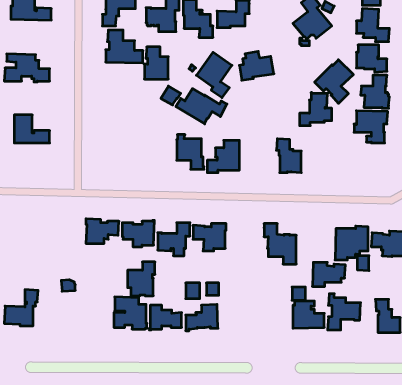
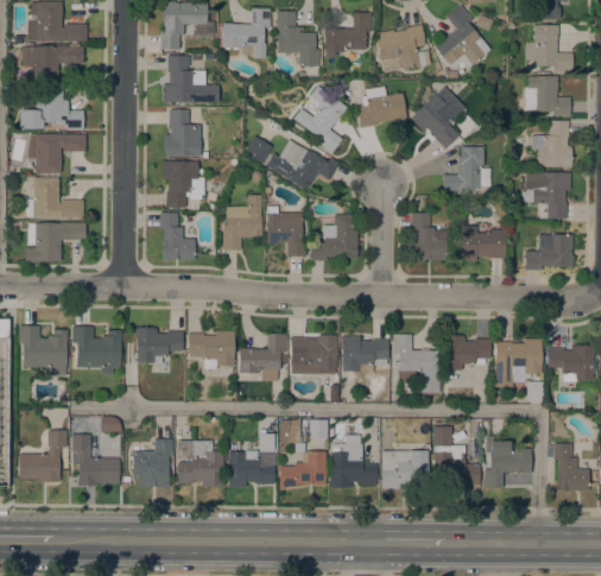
building: none -> [377,24,431,70]
building: none -> [24,44,84,84]
building: [144,47,168,79] -> [166,109,201,156]
building: [315,60,353,103] -> [411,86,467,148]
building: none -> [29,133,87,173]
building: none -> [164,160,205,207]
building: none -> [223,194,262,249]
building: none -> [160,211,195,259]
building: none -> [25,222,87,261]
building: none -> [460,226,506,260]
building: none -> [525,234,572,268]
building: none -> [19,325,68,375]
building: none -> [72,325,122,374]
building: none -> [342,335,390,374]
building: [128,262,155,296] -> [133,438,172,487]
building: [312,262,345,286] -> [444,335,492,369]
building: none -> [72,433,120,486]
building: none -> [330,435,378,487]
building: none -> [382,450,429,489]

